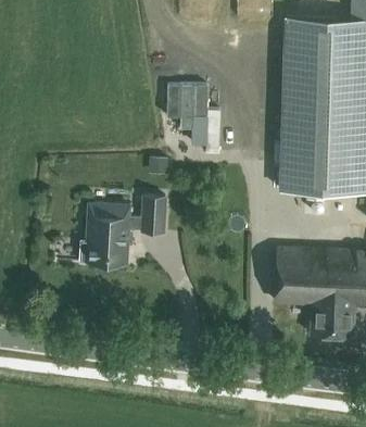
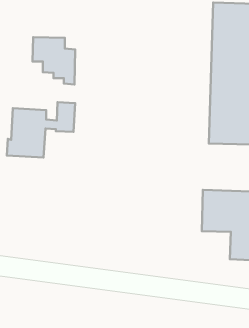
building: [164,83,217,141] -> [32,37,75,84]
building: [79,194,164,263] -> [7,102,75,157]

